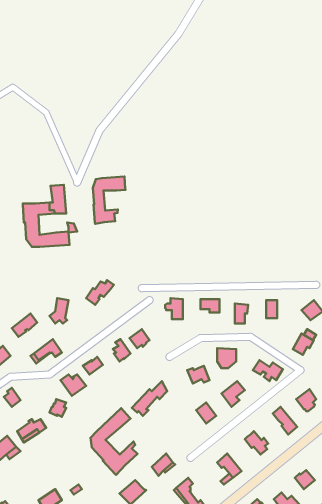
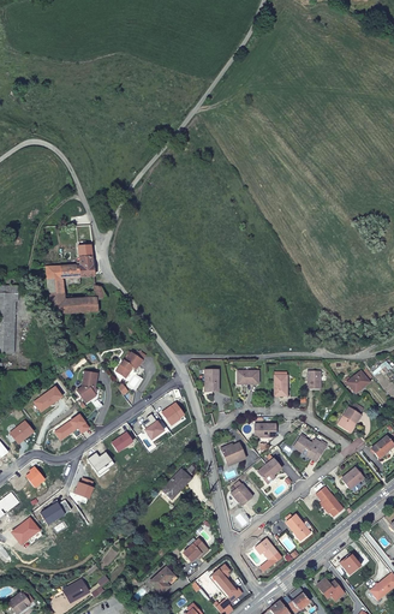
building: [93,176,125,224] -> none
building: [90,408,138,475] -> none

